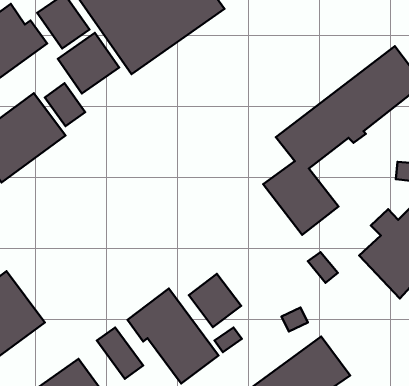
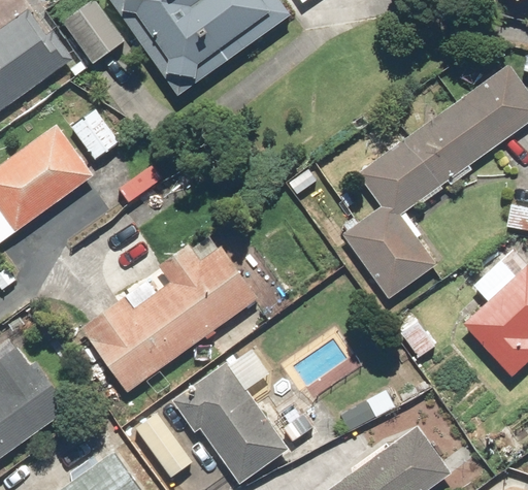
building: [58,33,119,93] -> none
building: none -> [82,242,257,393]
building: [189,274,241,327] -> none

